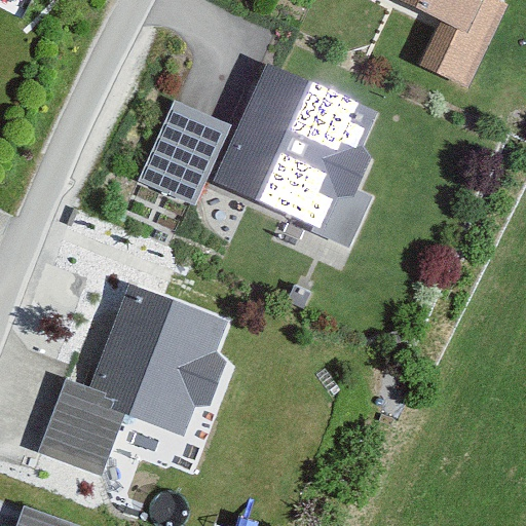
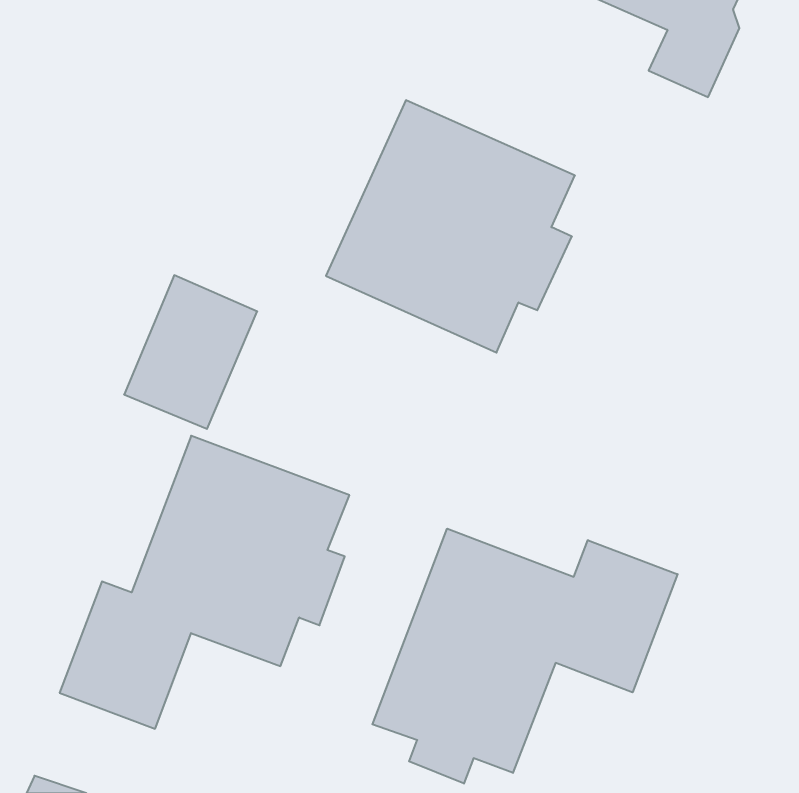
building: [140,103,227,203] -> [124,275,257,429]
building: none -> [372,529,678,784]

